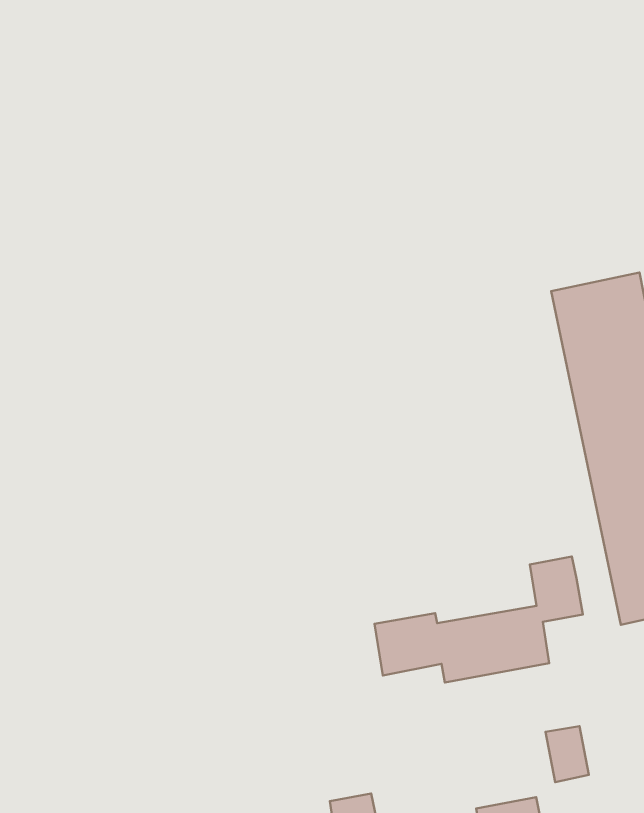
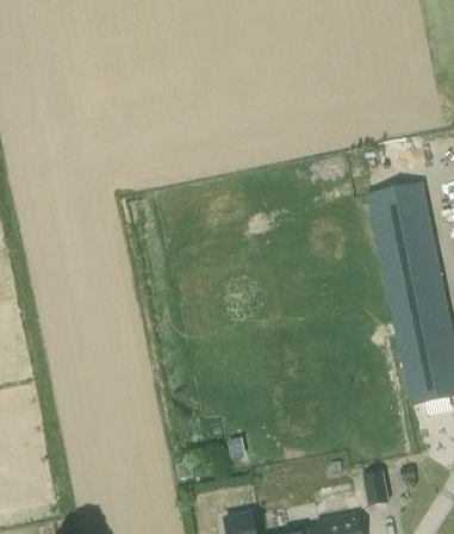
building: [374,557,583,683] -> none

